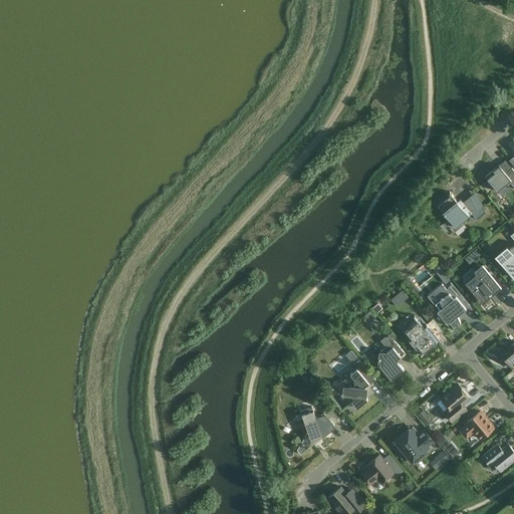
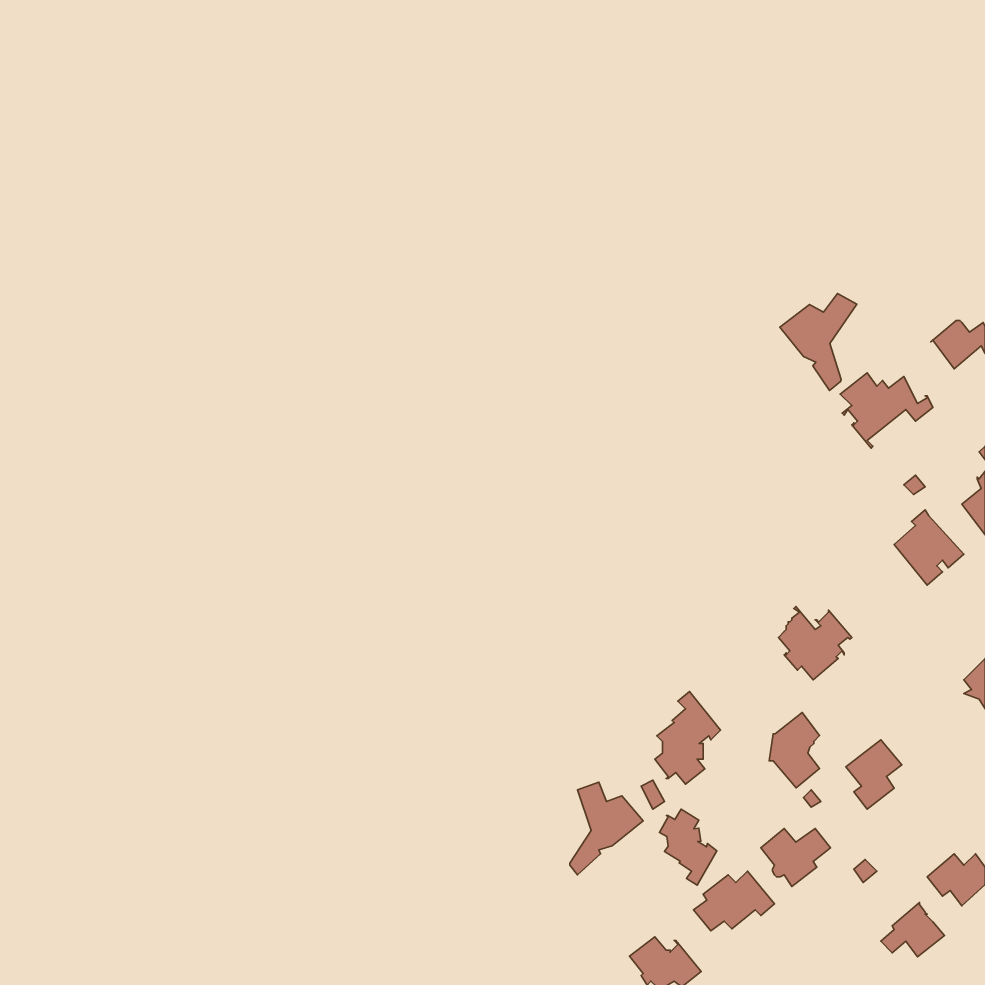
building: none -> [780,294,857,390]
building: [435,283,469,328] -> none
building: [376,341,403,380] -> [769,712,819,788]
building: [460,412,493,440] -> [881,903,944,957]
building: none -> [660,809,717,885]

